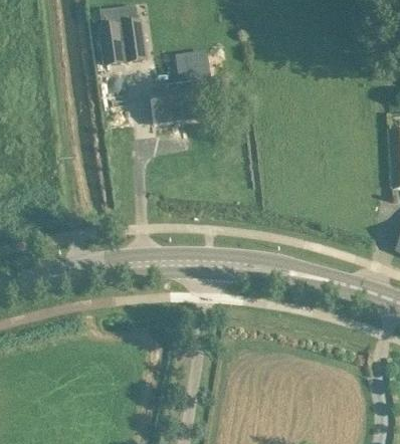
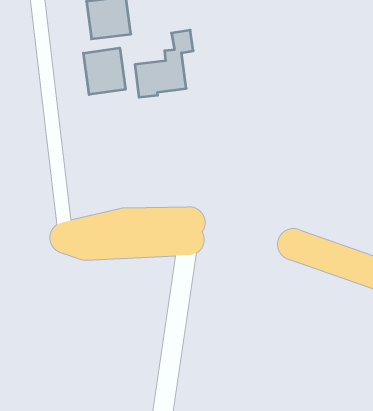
building: none -> [83,48,125,95]

